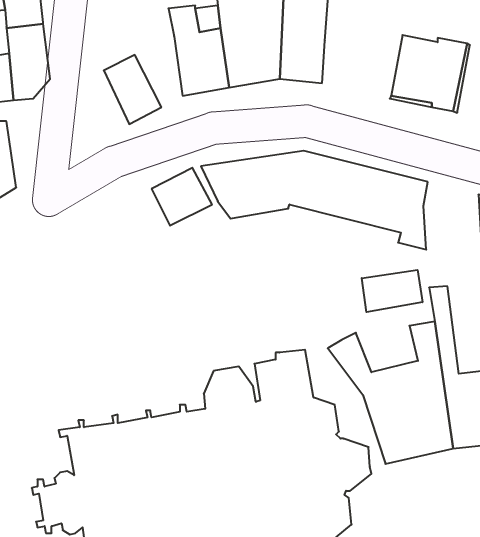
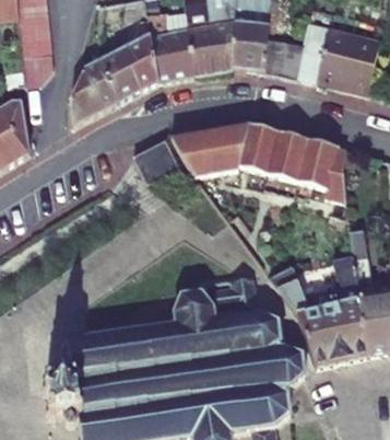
building: none -> [120,34,157,89]
building: none -> [265,37,303,76]
building: none -> [70,60,116,124]
building: [362,270,422,312] -> none

